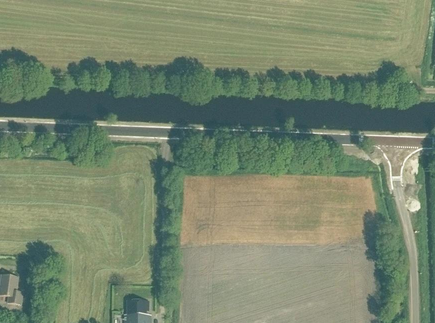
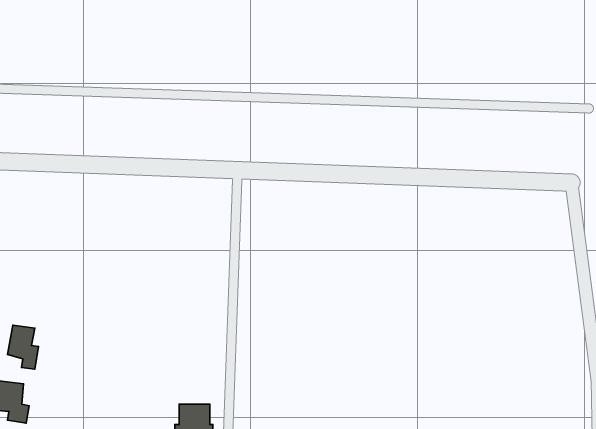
building: none -> [8,325,38,369]

